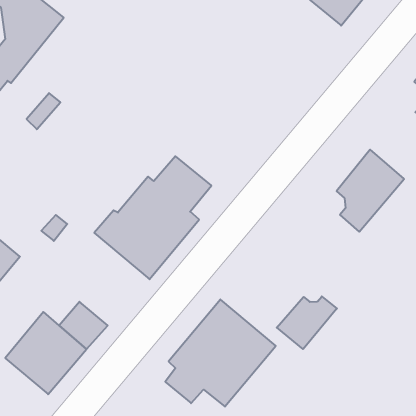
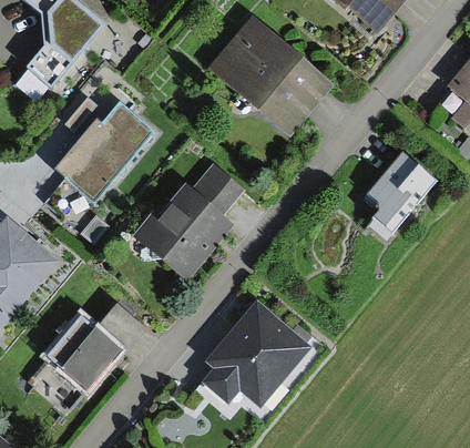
building: none -> [206,16,336,140]
building: none -> [54,103,153,202]
building: [277,296,337,349] -> none

